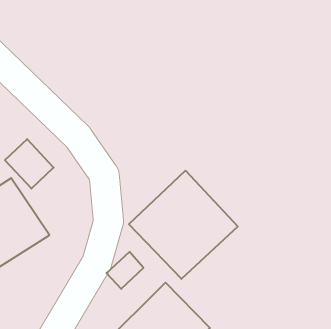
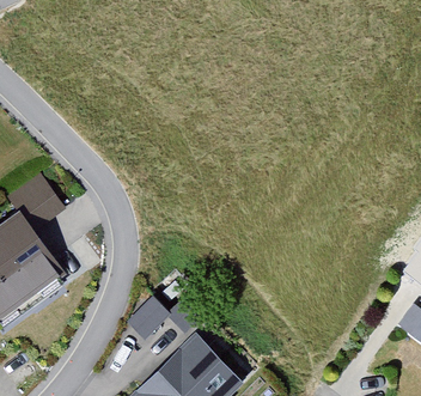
building: [129,171,238,279] -> none

